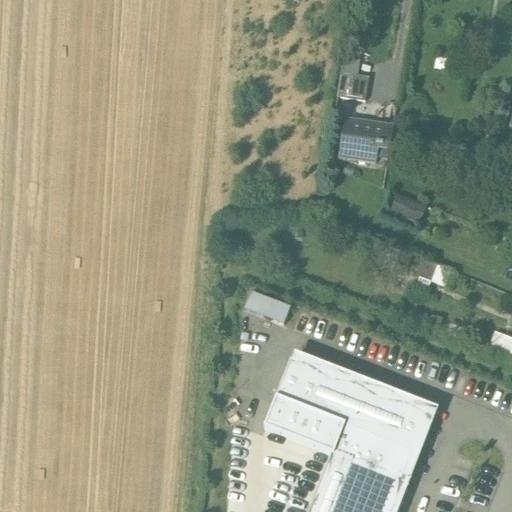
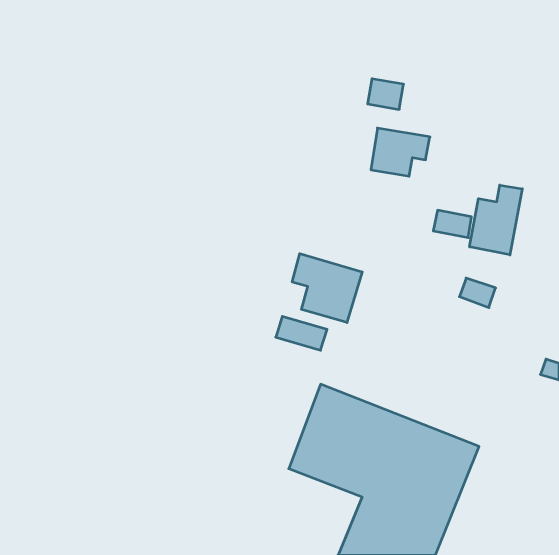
building: none -> [470,185,522,255]
building: none -> [292,254,362,323]

